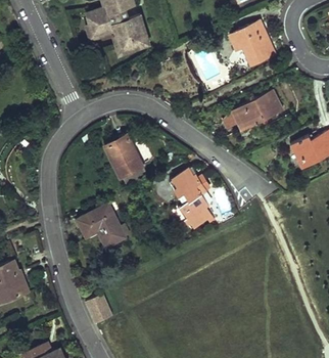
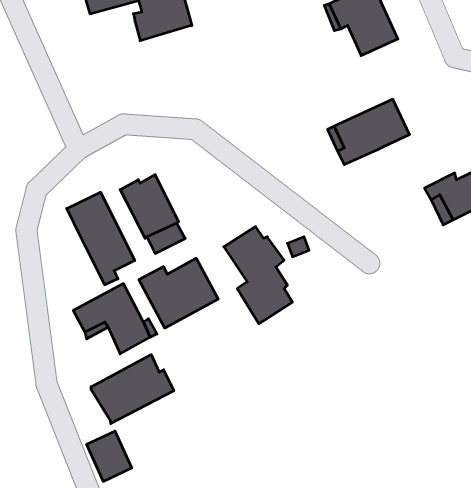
building: none -> [67,192,135,285]
building: none -> [139,258,218,328]
building: none -> [91,355,174,424]

